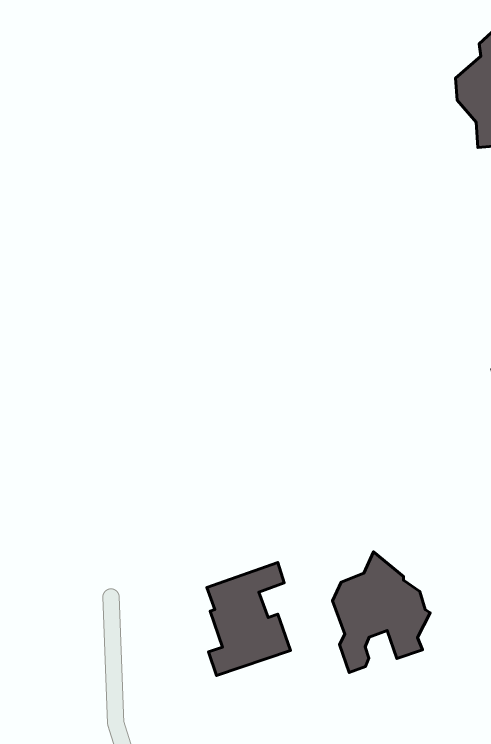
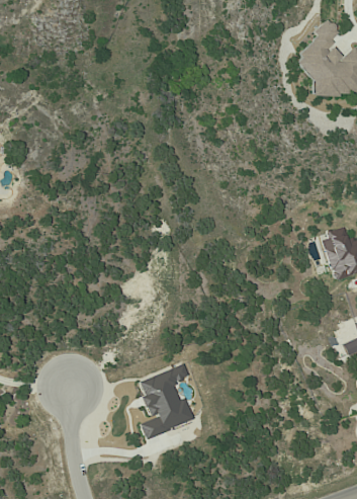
building: [333,552,430,672] -> none

